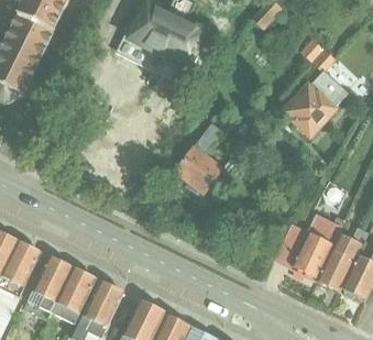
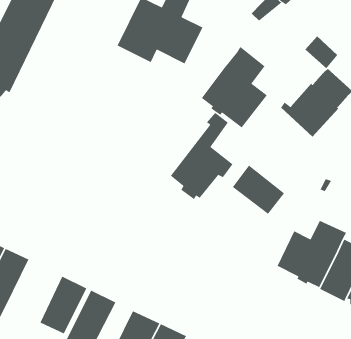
building: none -> [201,46,268,128]
building: none -> [232,165,285,215]
building: [28,256,72,312] -> none

